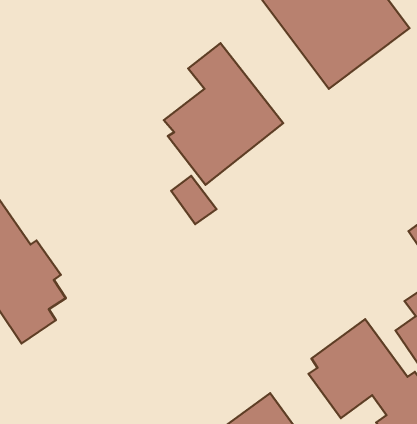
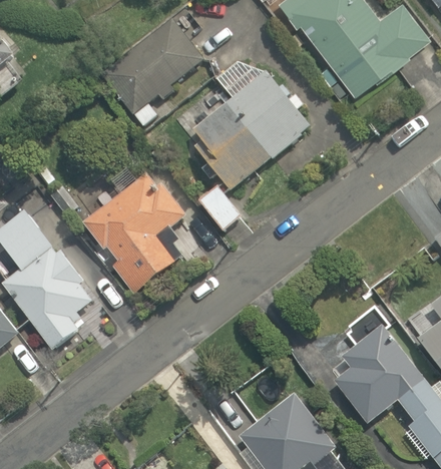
building: none -> [100,20,201,123]
building: none -> [80,169,184,290]

